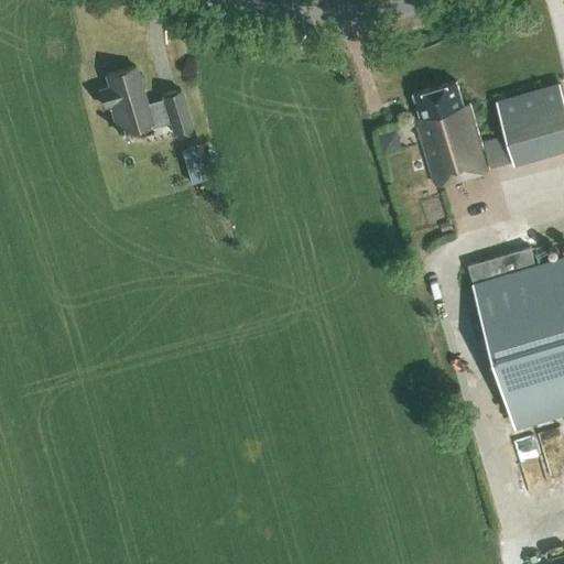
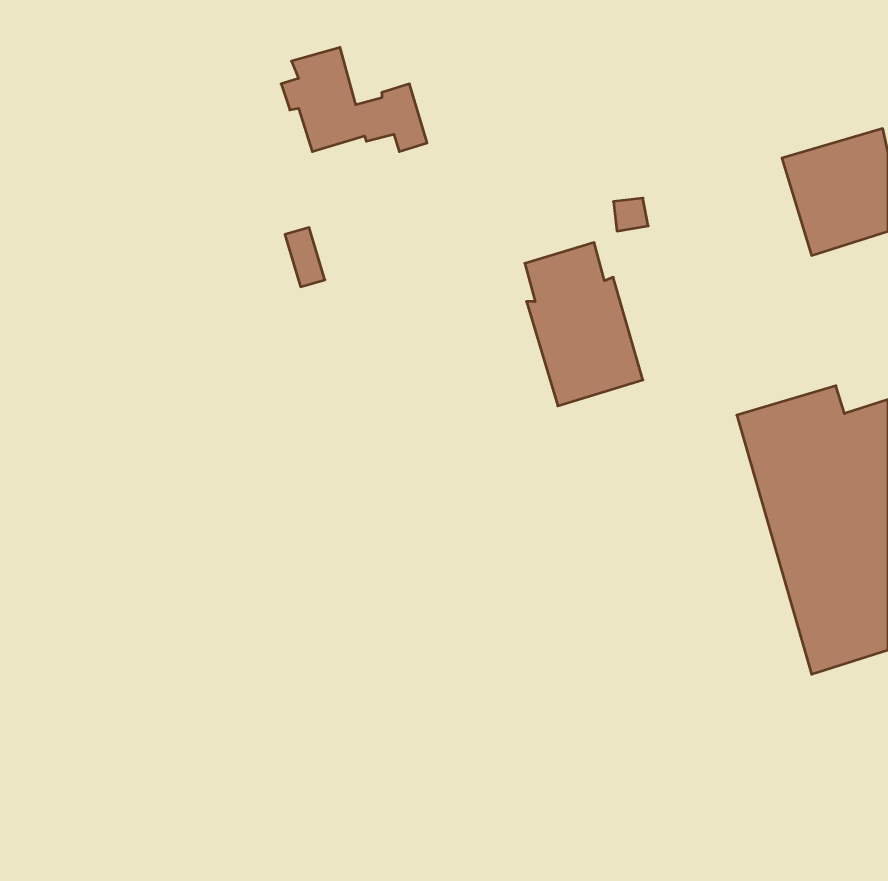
building: [98,69,191,135] -> [281,47,427,152]
building: [414,84,489,187] -> [525,243,643,406]

